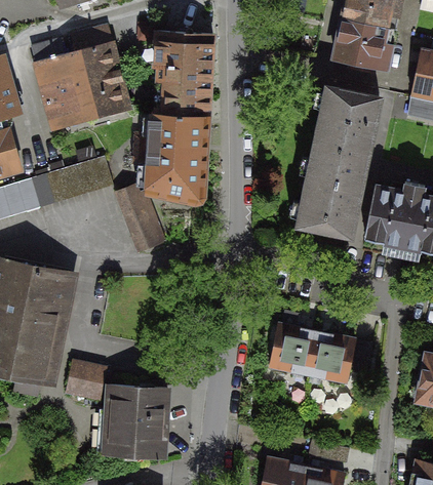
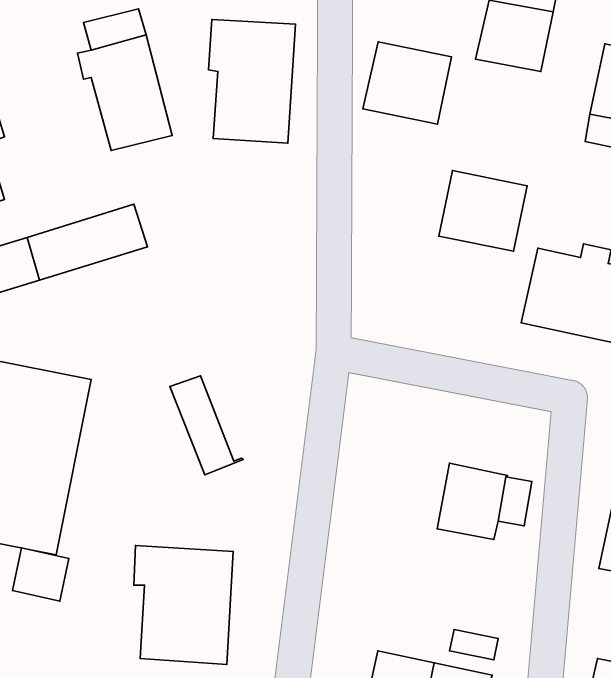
building: [32,38,89,130] -> none
building: [319,88,379,144] -> [363,42,451,124]
building: [134,112,208,201] -> none
building: [301,177,360,234] -> none
building: [116,185,165,251] -> [170,376,243,475]
building: [270,322,317,374] -> none
building: [68,362,106,398] -> [12,548,69,601]

